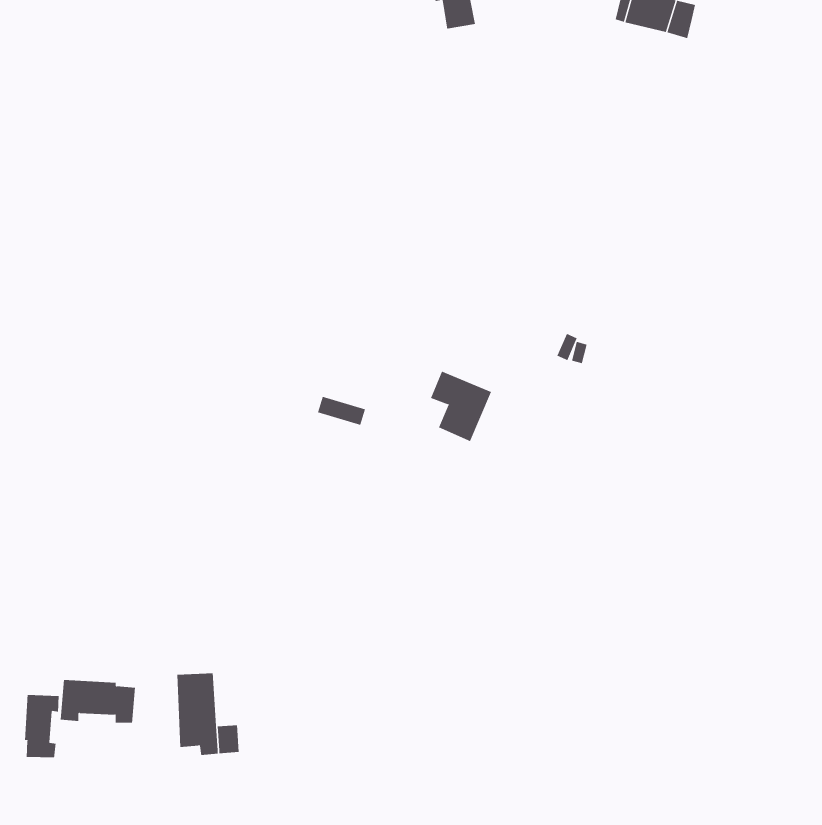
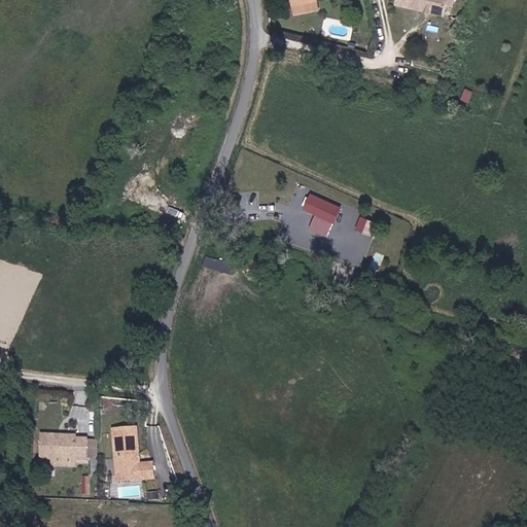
building: [430,371,492,442] -> [302,189,341,235]
building: [24,694,59,758] -> none

